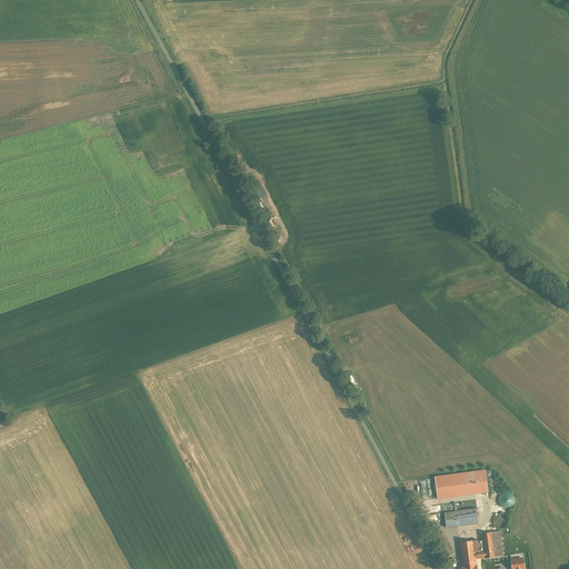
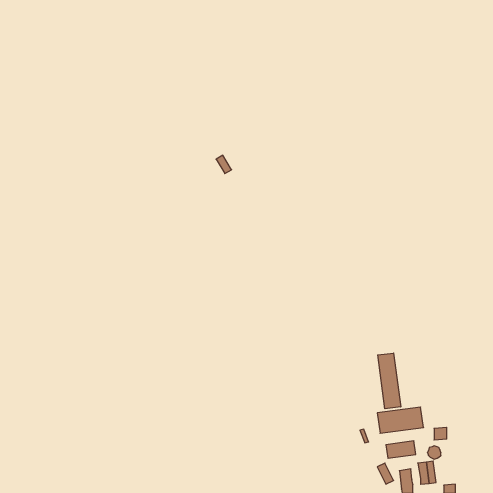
building: none -> [378,353,401,409]

